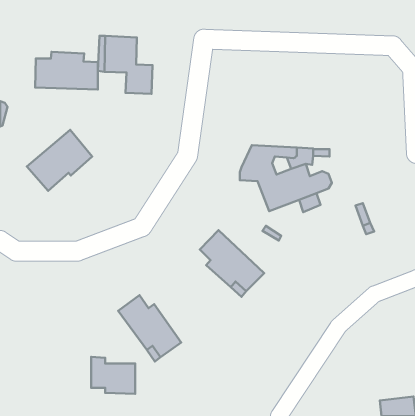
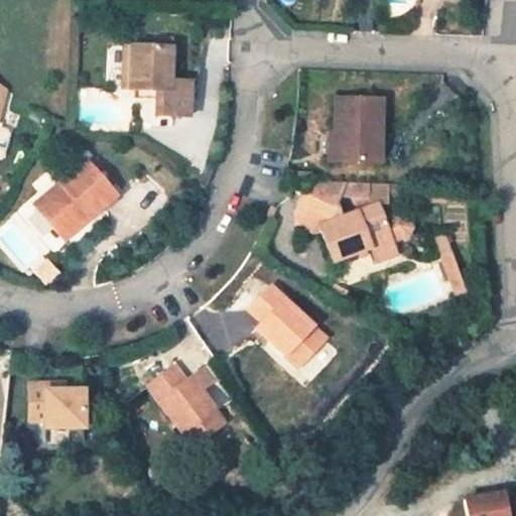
building: [35,52,98,89] -> none
building: none -> [335,97,383,162]
building: [91,357,135,394] -> [29,382,84,427]

